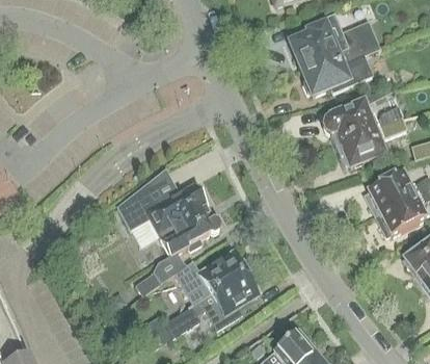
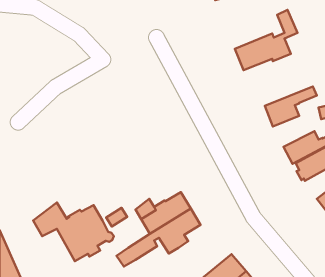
building: [290,23,365,69] -> none
building: [324,102,401,141] -> none
building: [117,182,220,257] -> [33,203,114,261]

